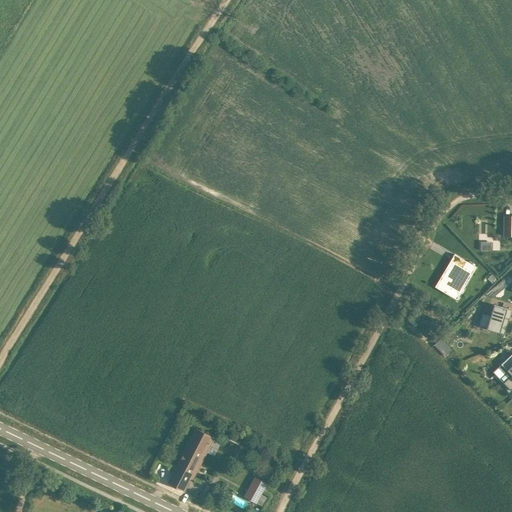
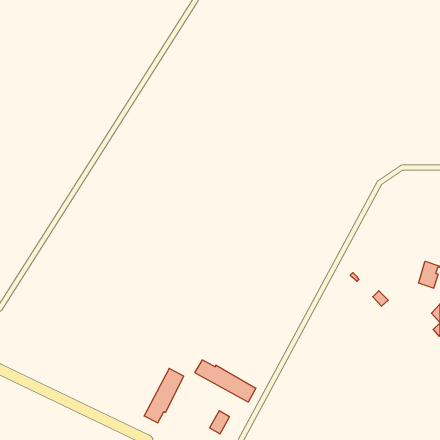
building: [436,260,475,293] -> none
building: none -> [195,360,256,402]

